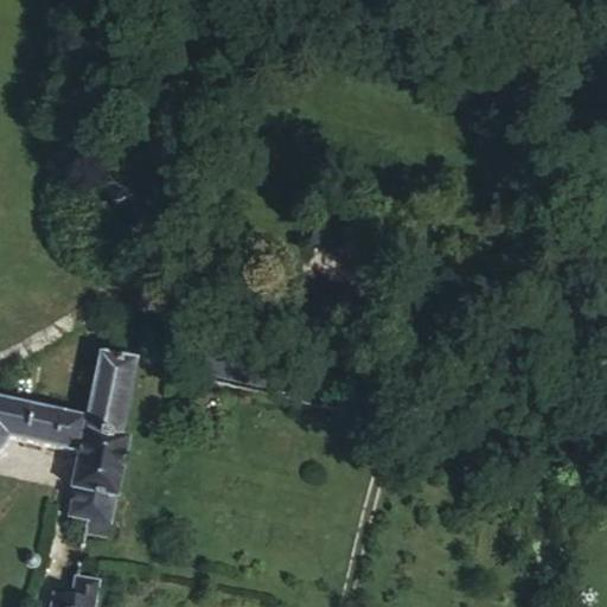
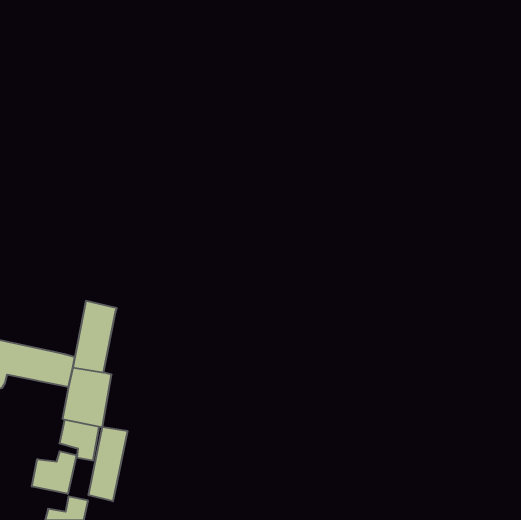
building: none -> [89,427,127,501]
building: none -> [32,451,77,494]

